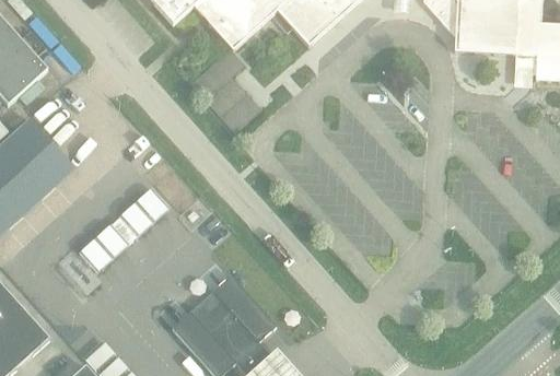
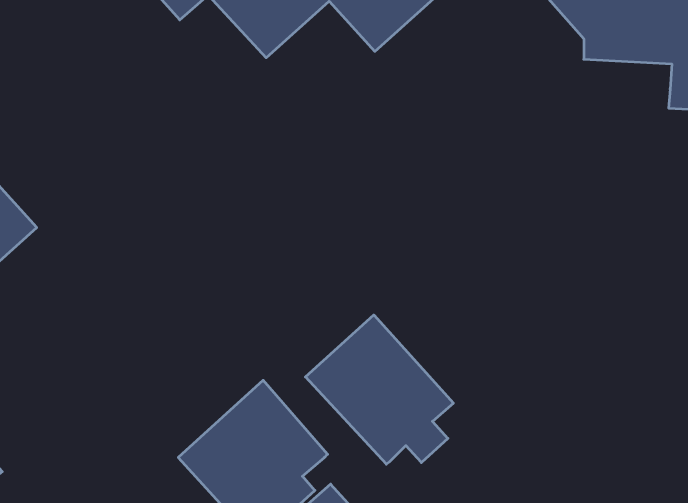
building: none -> [305,315,453,464]

